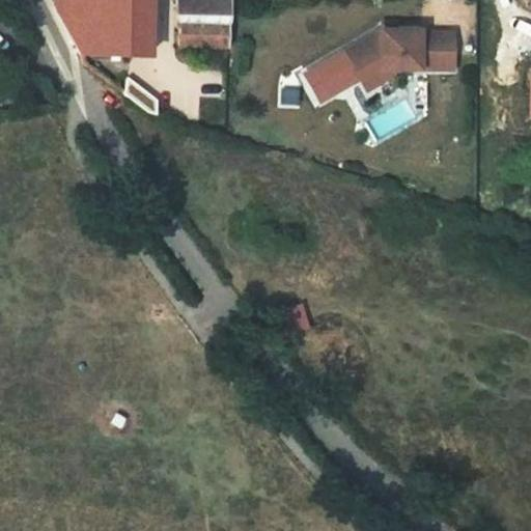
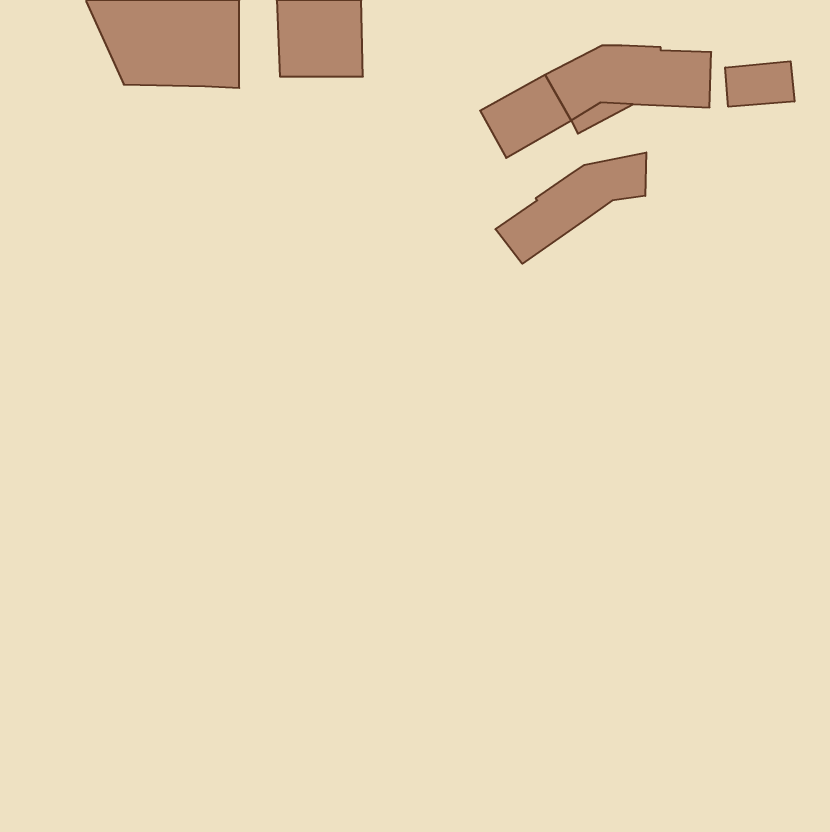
building: none -> [725,61,794,107]
building: none -> [495,152,646,264]

